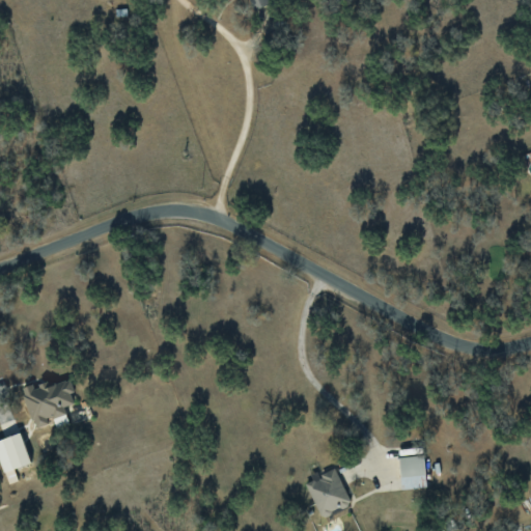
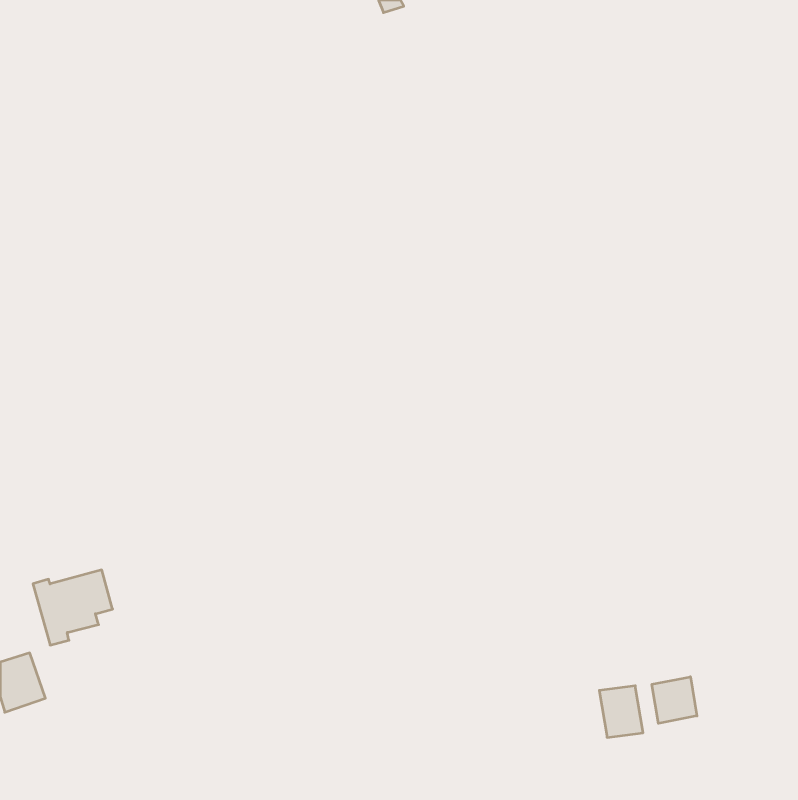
building: none -> [652,677,697,723]
building: [305,467,352,516] -> none

